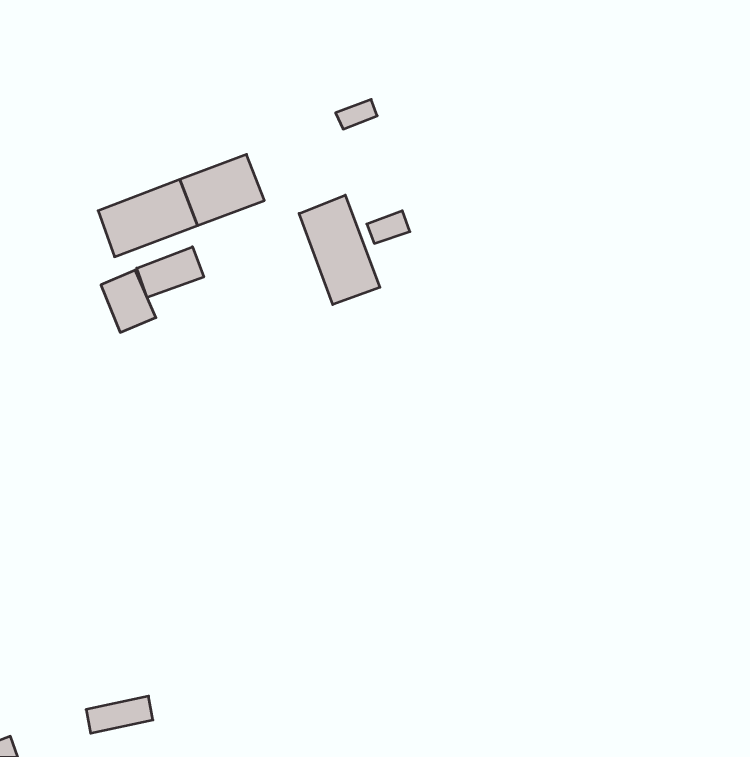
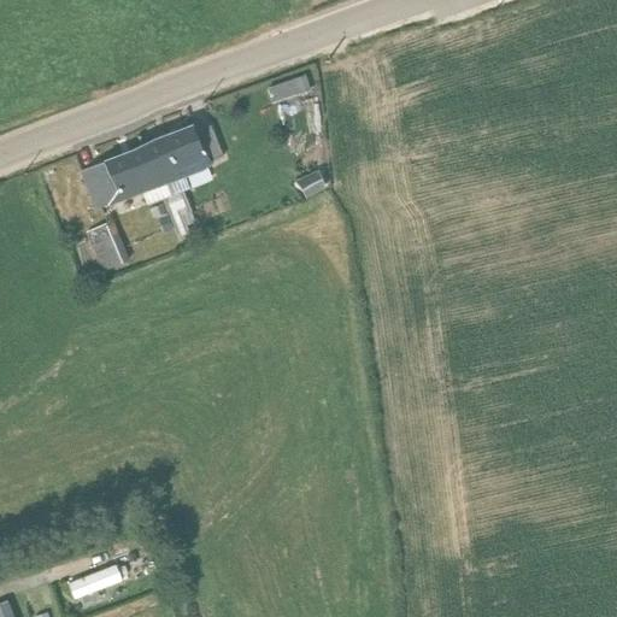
building: [299,195,380,305] -> none
building: [137,247,204,297] -> none

